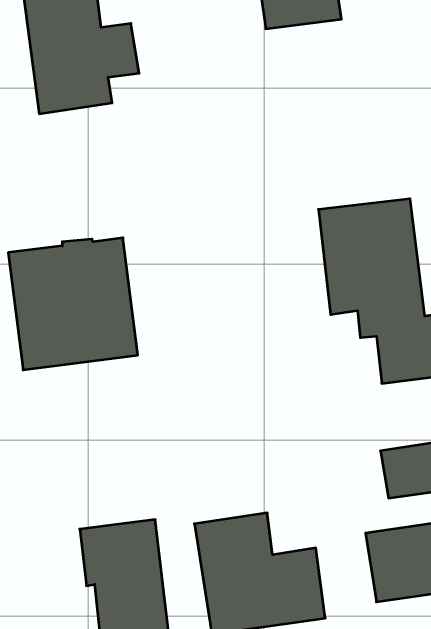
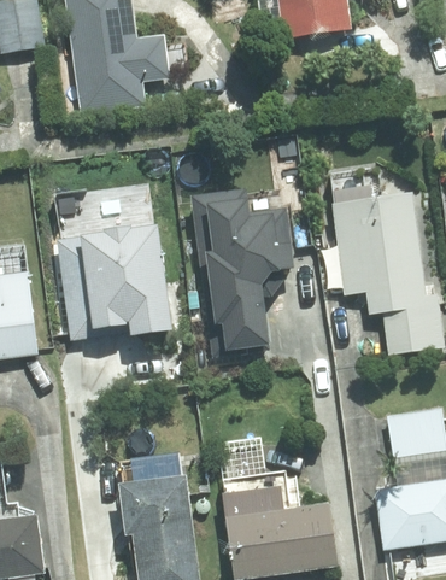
building: none -> [192,191,292,358]

